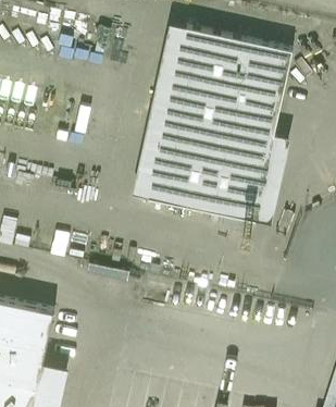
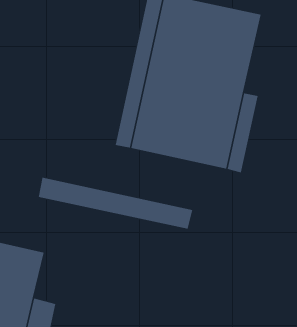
building: none -> [38,177,193,230]

